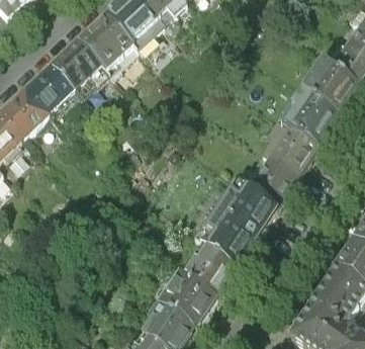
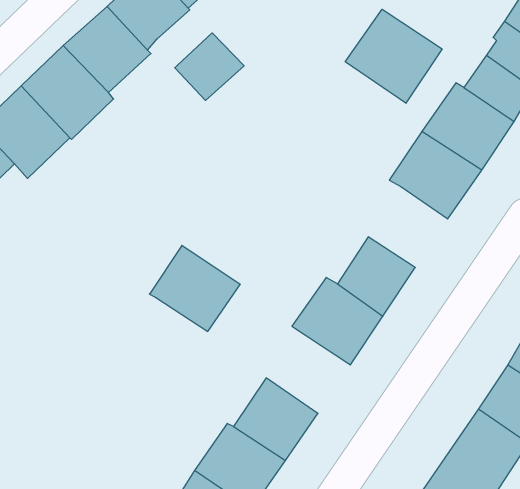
building: none -> [345,9,442,103]
building: none -> [175,33,244,100]
building: [267,128,316,179] -> none
building: [199,215,256,269] -> [149,245,240,331]

